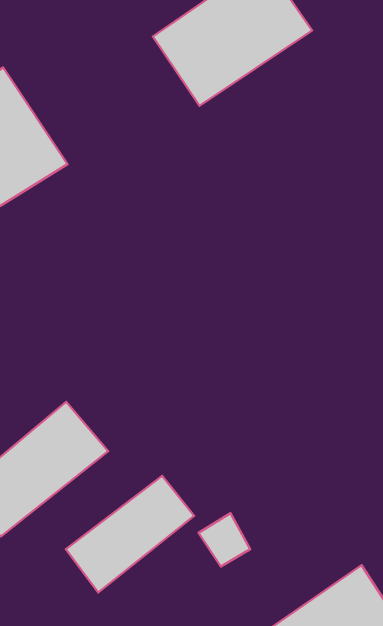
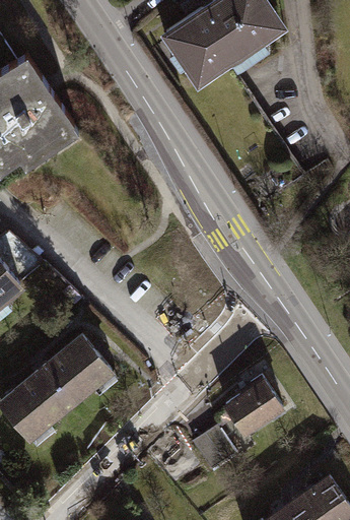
building: none -> [222,378,287,439]
building: [66,476,194,593] -> none

